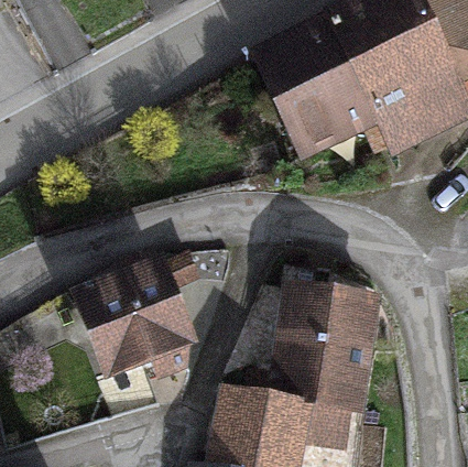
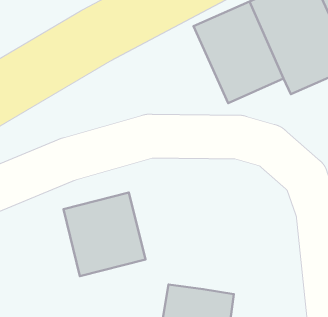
building: [271,293,377,415] -> none

